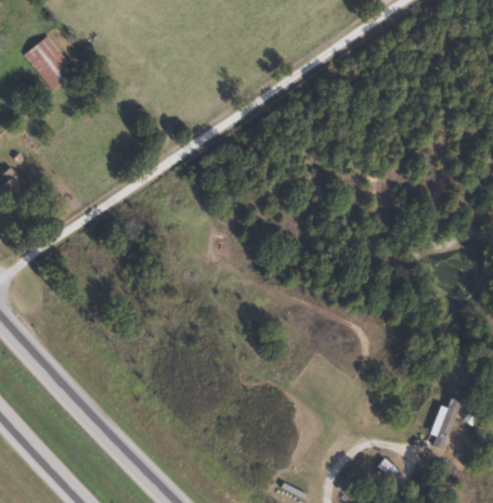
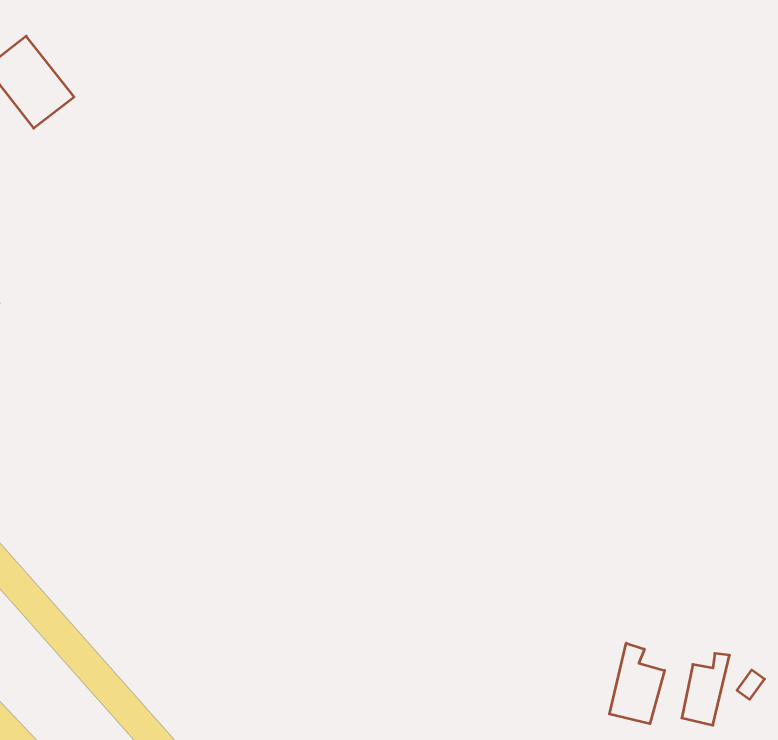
building: none -> [609,643,665,724]

